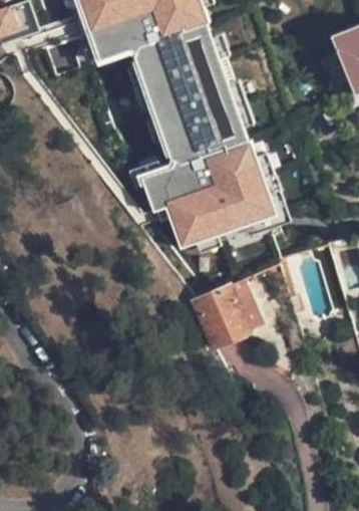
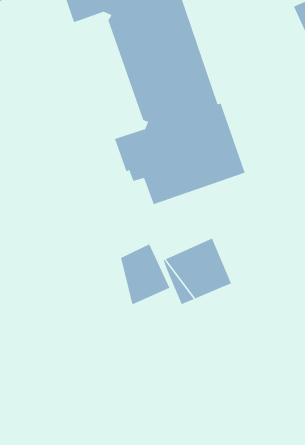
building: none -> [121,243,170,305]

